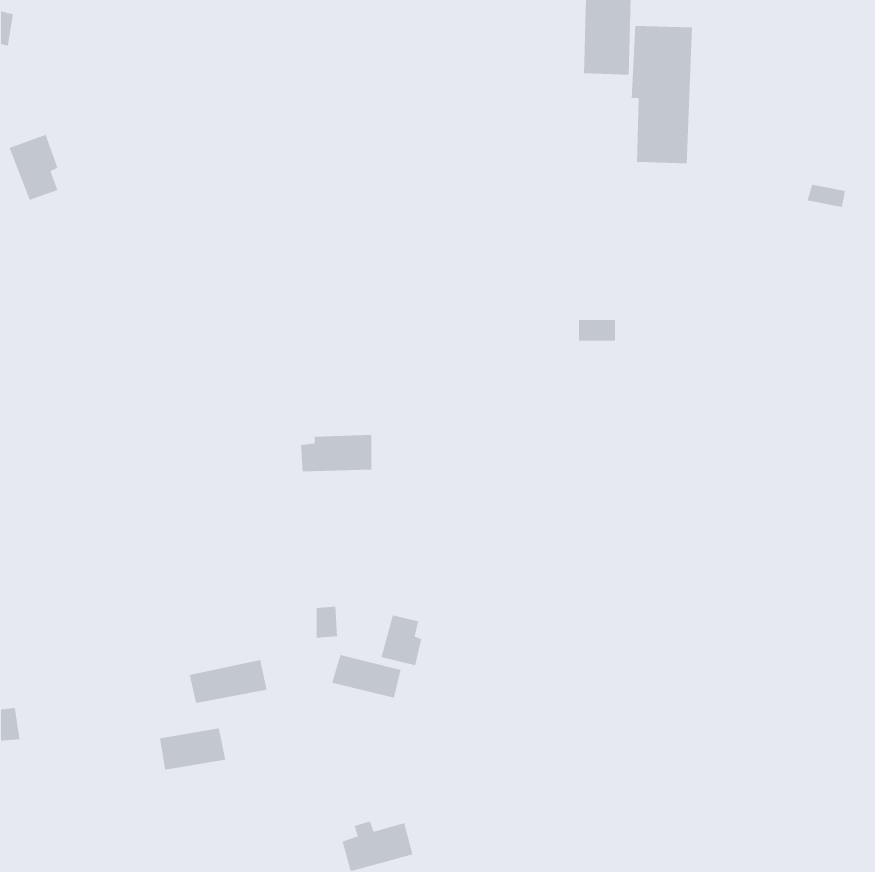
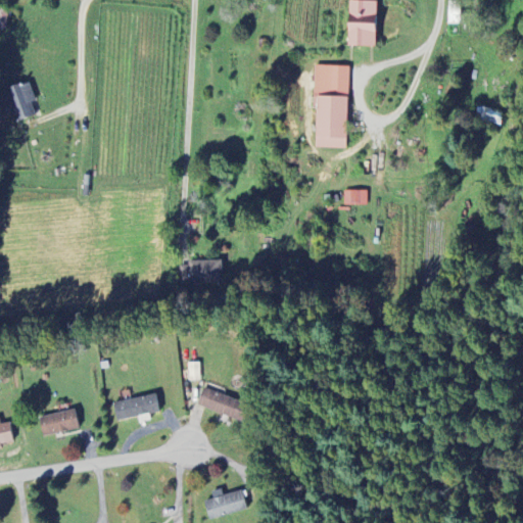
building: [631,25,693,164] -> [313,64,349,147]
building: [381,615,422,666] -> none
building: [159,728,226,770] -> [40,409,80,434]

